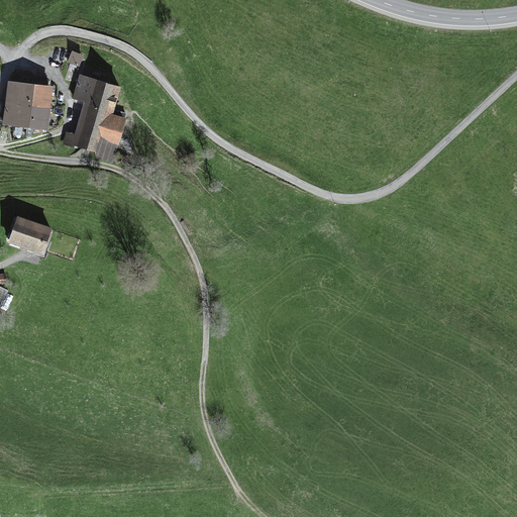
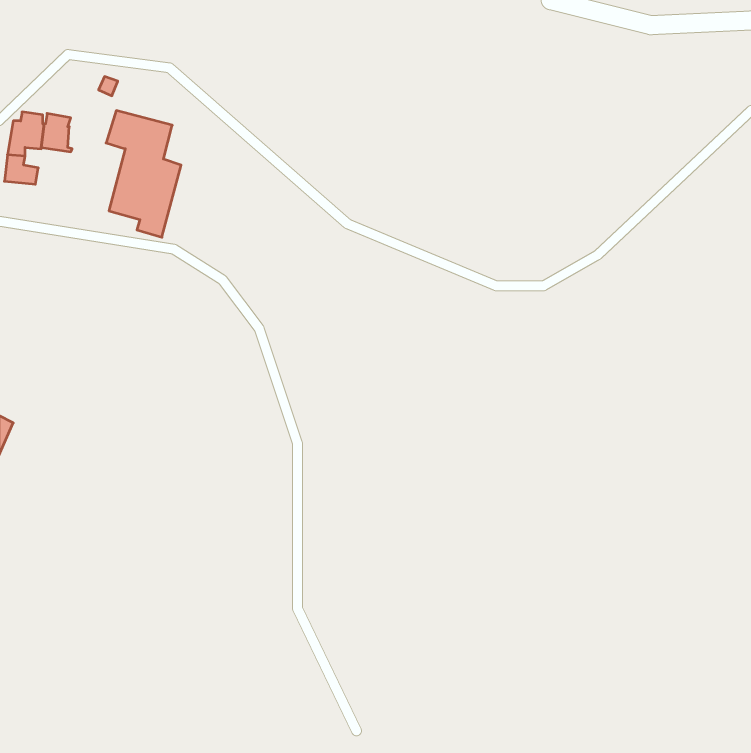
building: [16,101,48,129] -> none
building: [9,217,49,251] -> none

